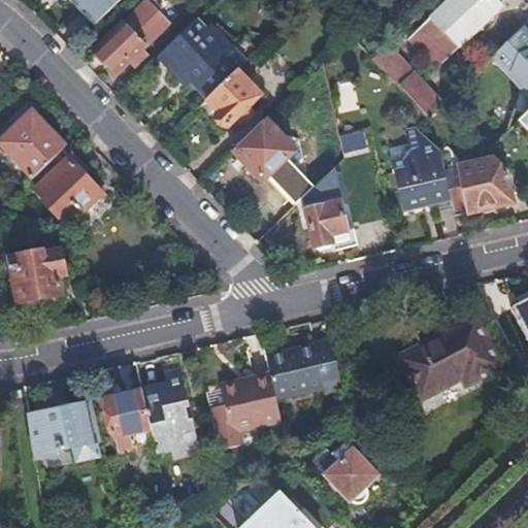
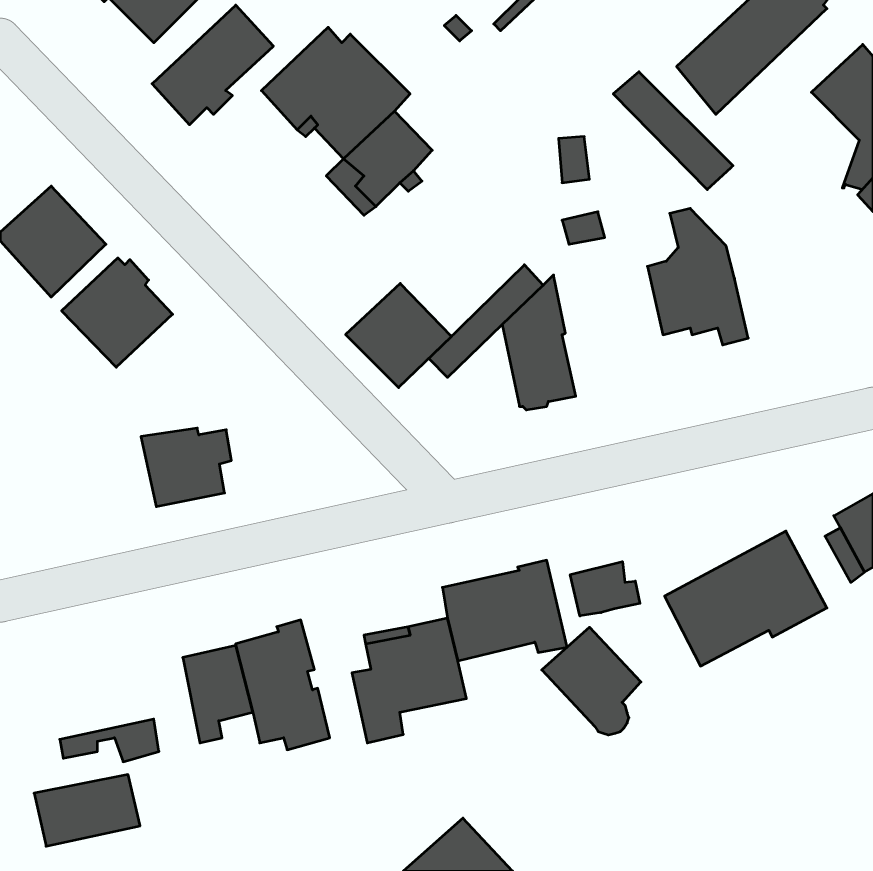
building: [232,116,296,178] -> [346,283,452,388]
building: [443,157,513,214] -> none
building: [8,254,63,301] -> [141,428,231,507]
building: none -> [570,562,640,616]
building: [29,403,93,447] -> [34,775,140,846]
building: [315,441,374,506] -> [542,627,641,735]

